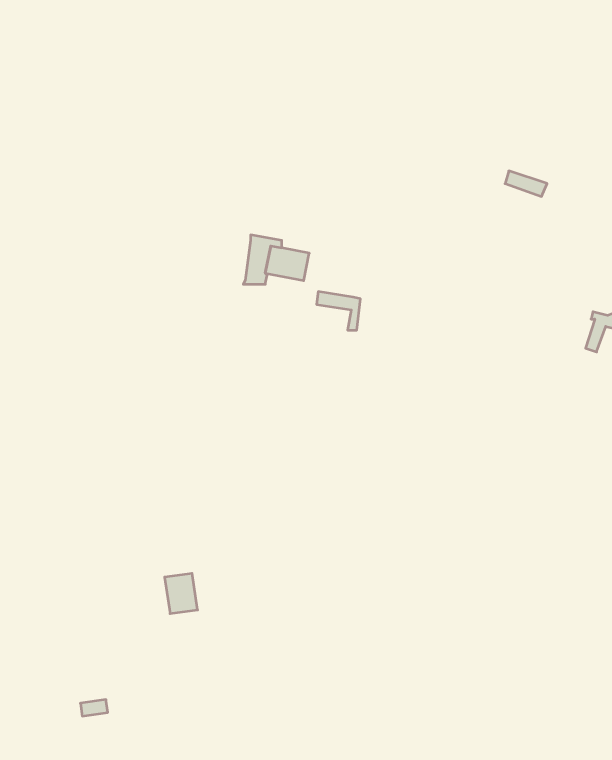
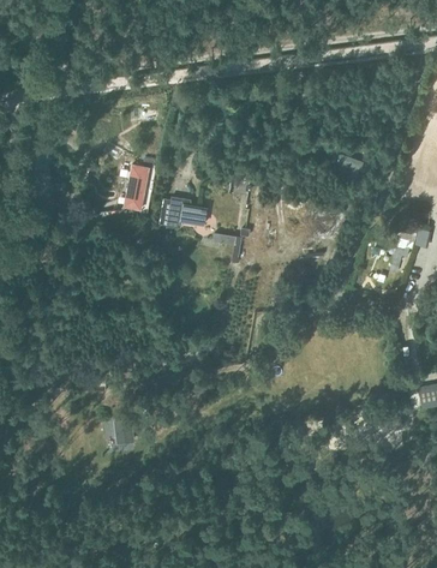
building: none -> [122,163,149,210]

